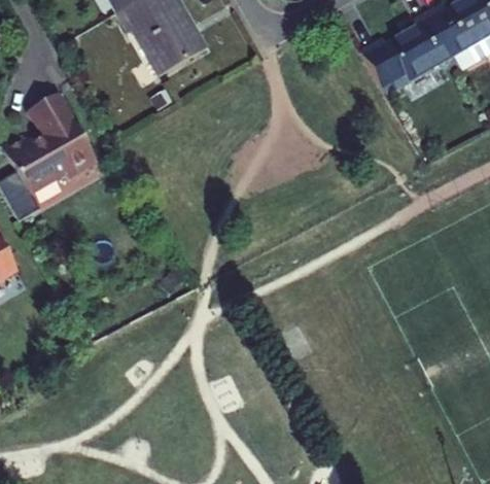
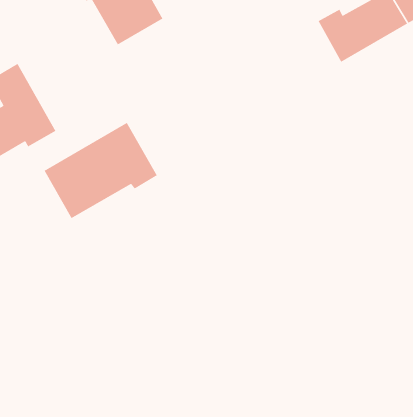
building: none -> [44,122,158,219]

